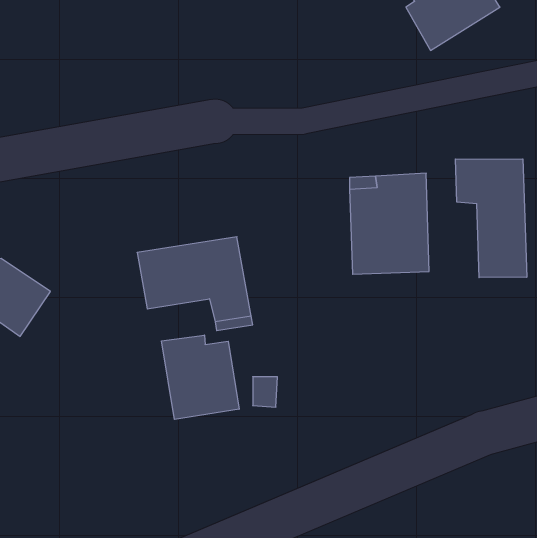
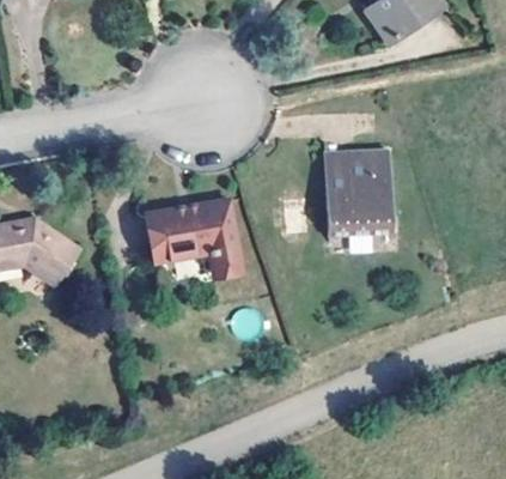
building: [455,159,527,278] -> none
building: [162,335,239,419] -> none

